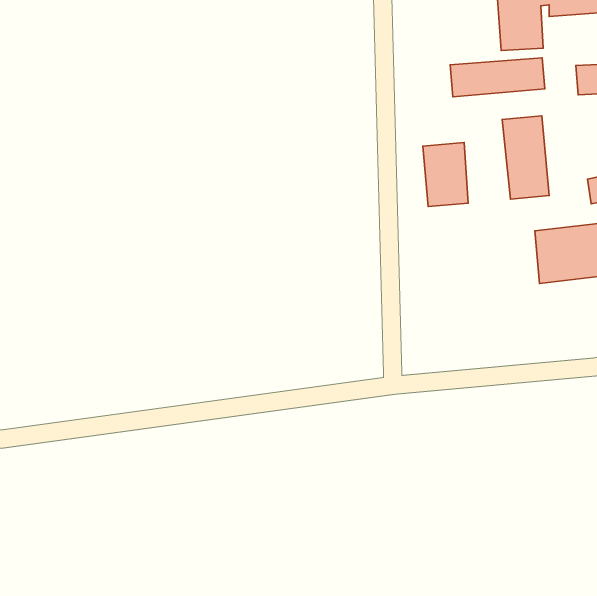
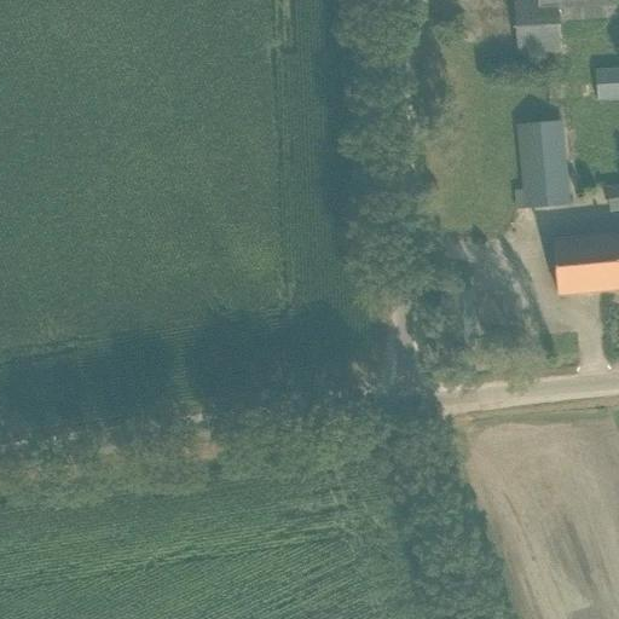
building: [450,58,545,97] -> none
building: [423,142,468,207] -> none

